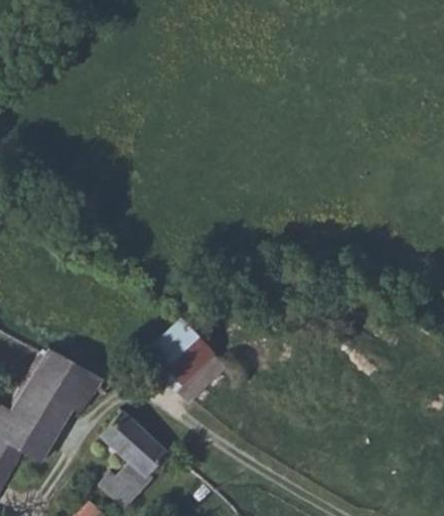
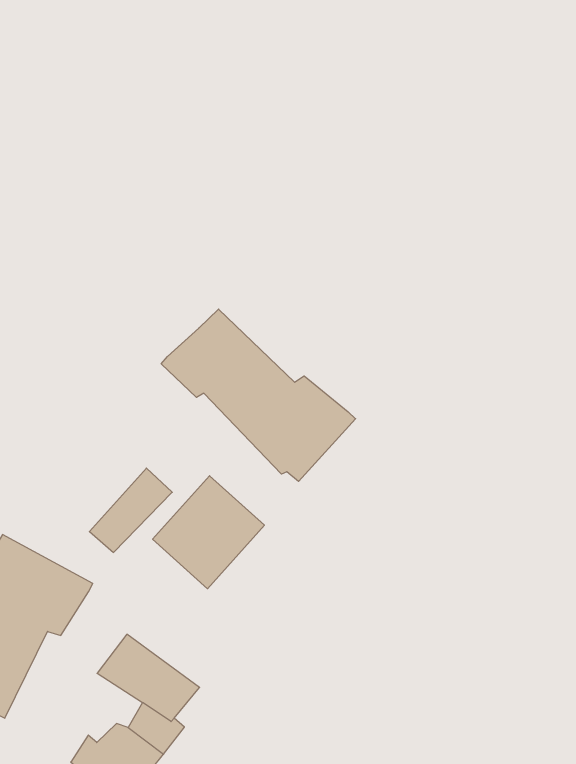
building: none -> [161,309,356,481]
building: [173,352,227,403] -> [89,468,172,552]

